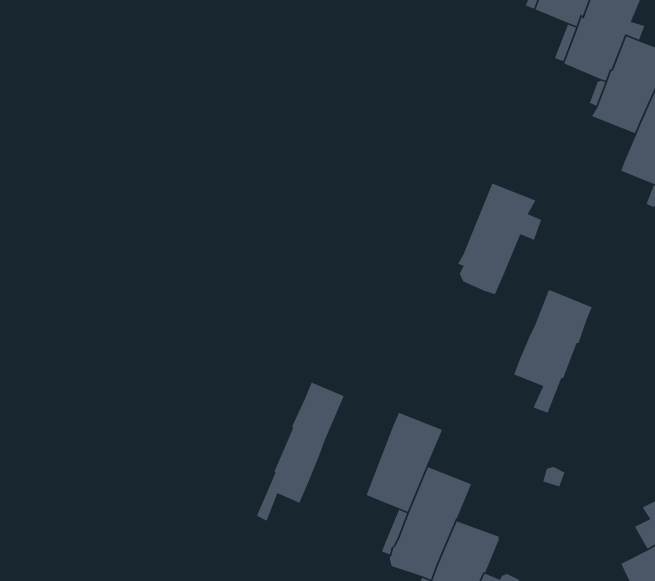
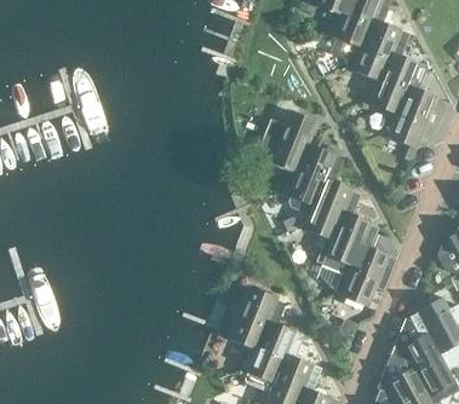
building: none -> [258,110,320,189]
building: none -> [306,177,355,239]
building: none -> [343,244,400,306]
building: [256,381,345,522] -> none

